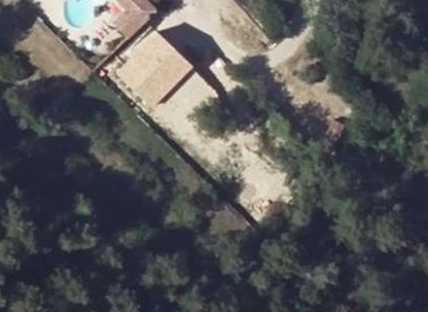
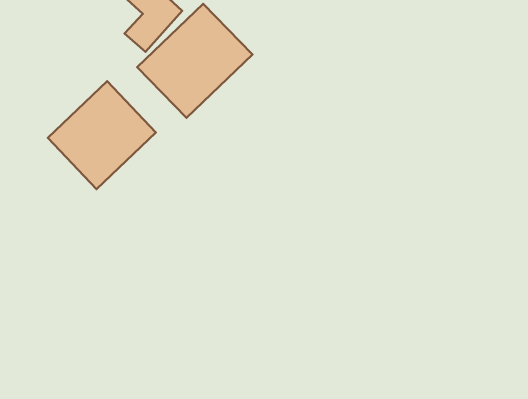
building: none -> [48,81,156,189]

